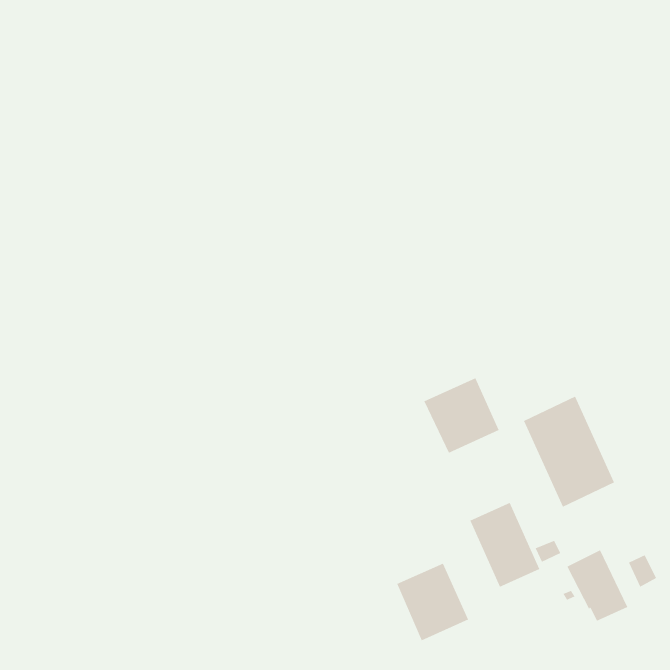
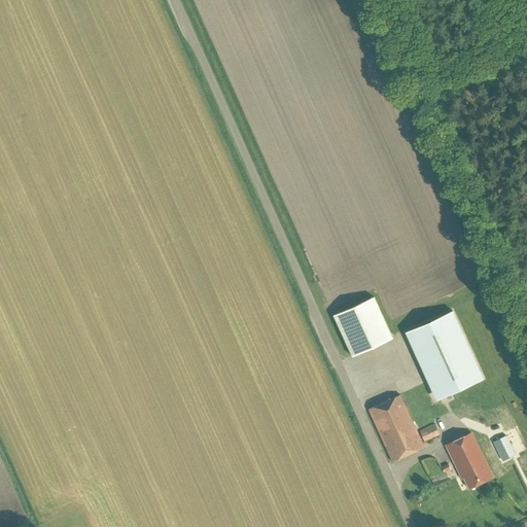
building: [397,563,469,641] -> none

